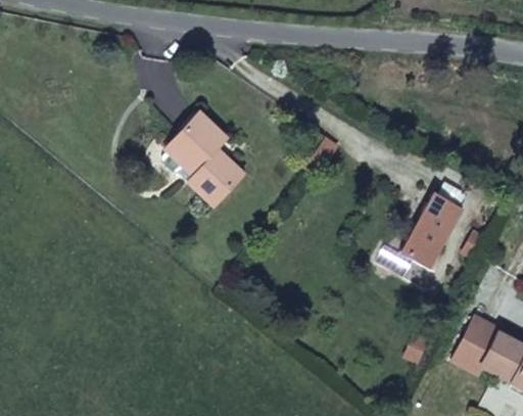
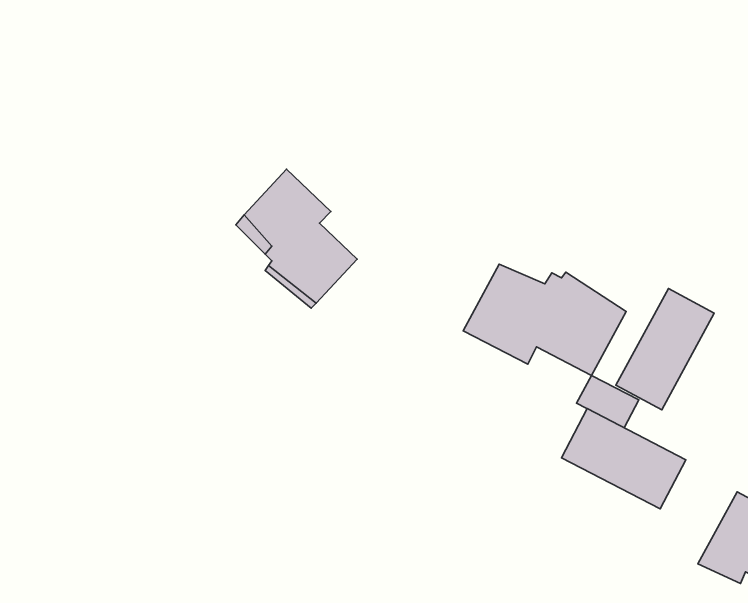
building: none -> [463,264,626,375]
building: none -> [561,409,686,509]

